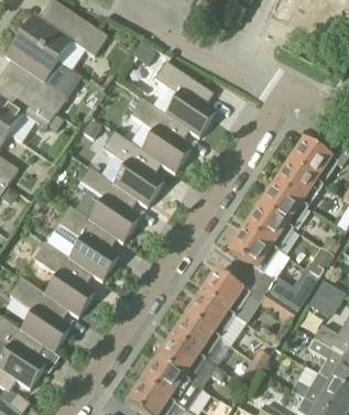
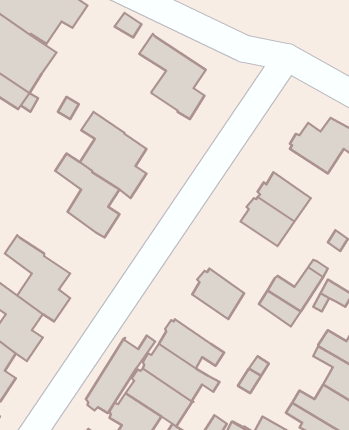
building: [127,95,189,172] -> none
building: [274,162,323,206] -> none
building: [47,204,117,280] -> none
building: [230,227,287,274] -> none
building: [186,292,233,336] -> none
building: none -> [86,336,155,413]

